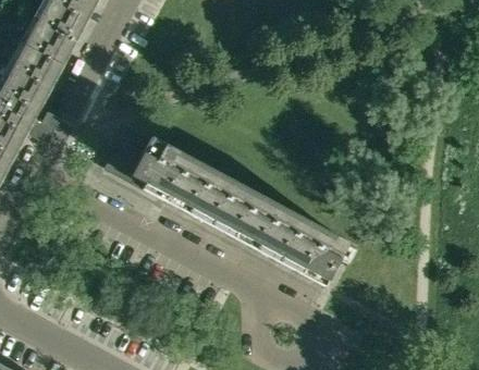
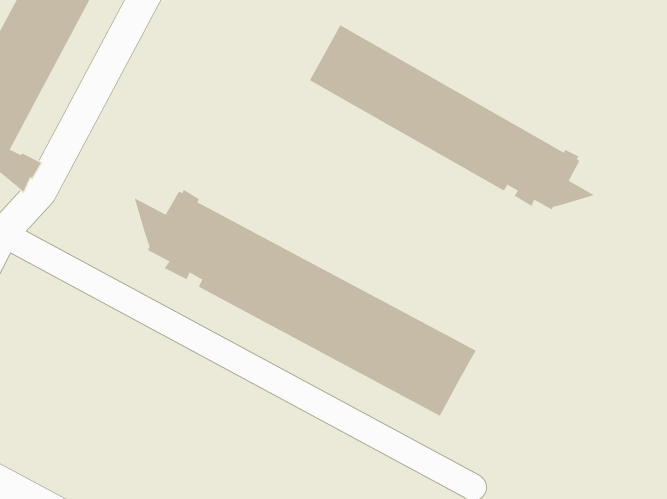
building: none -> [309,24,595,210]

